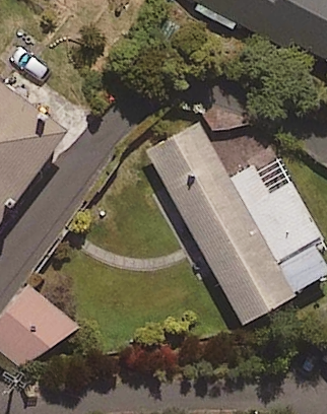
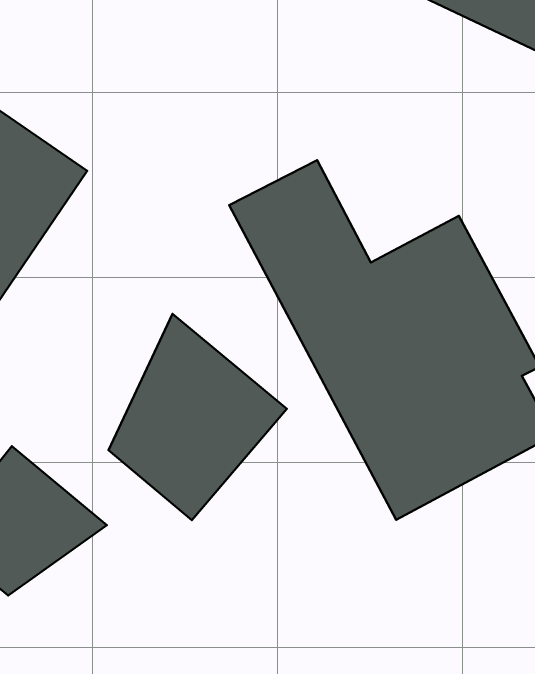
building: none -> [108,314,287,520]

